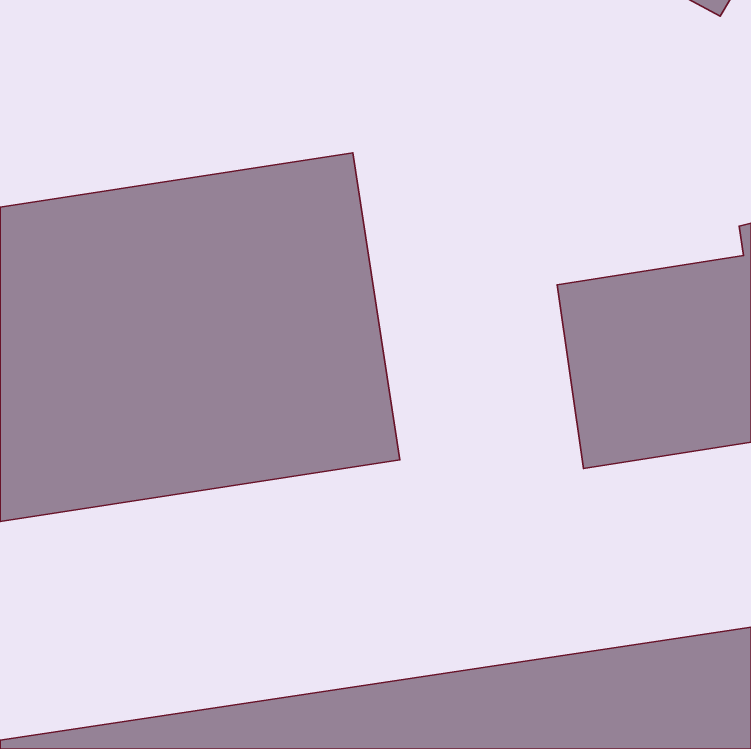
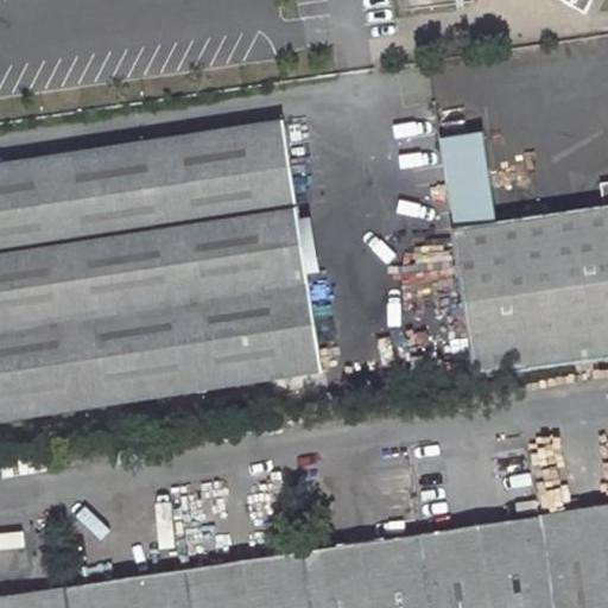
building: none -> [439,131,494,227]

